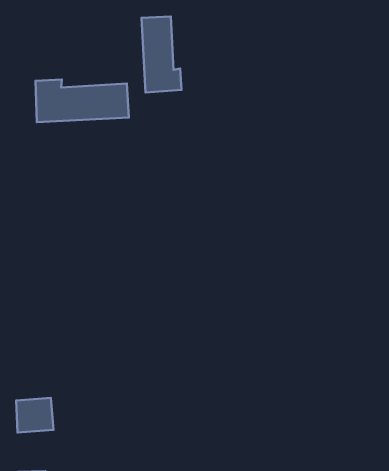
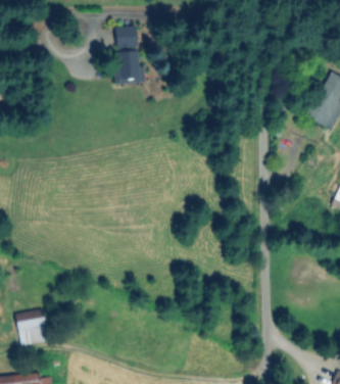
building: [36,80,129,122] -> none

